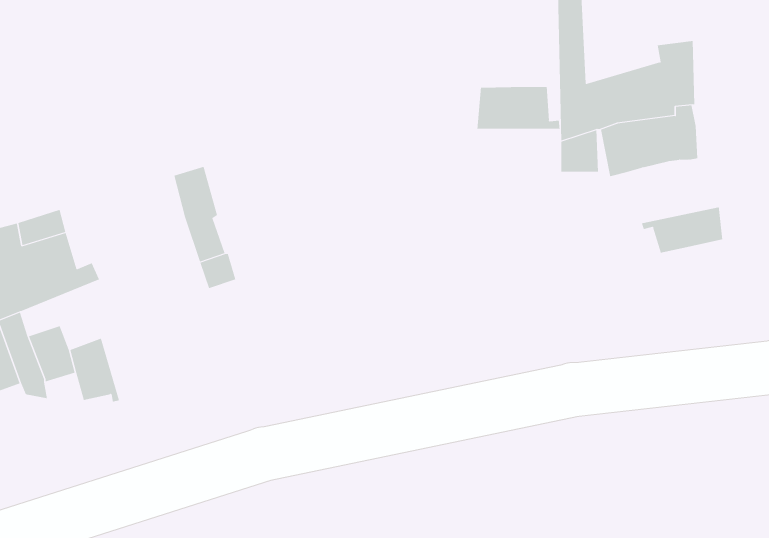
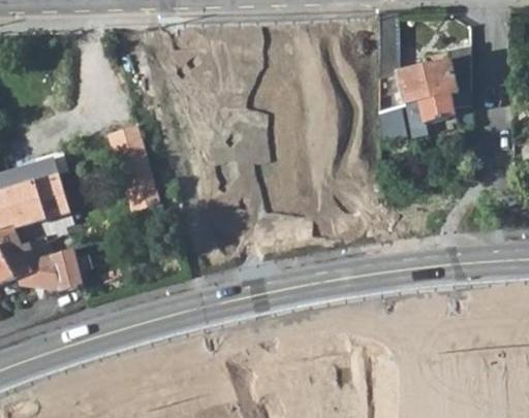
building: [477,86,560,130] -> none
building: [641,207,723,254] -> none

